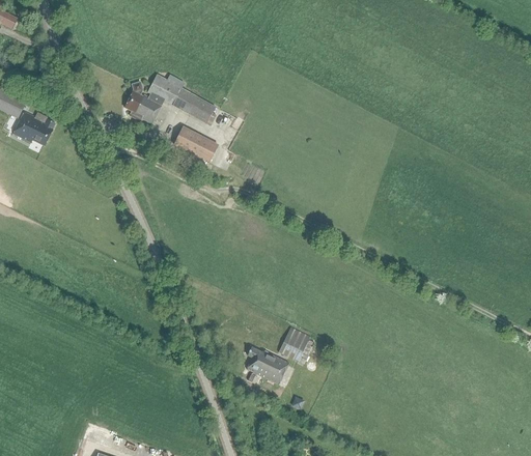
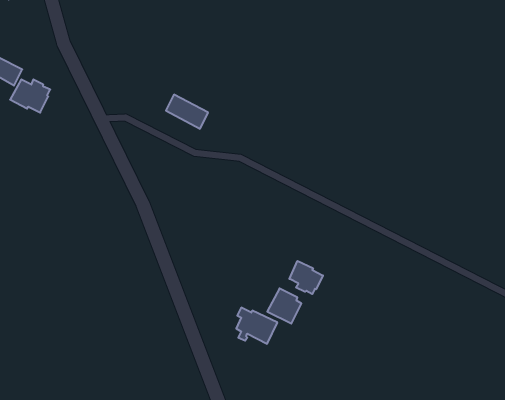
building: [123,74,215,122] -> none
building: none -> [289,261,323,294]

